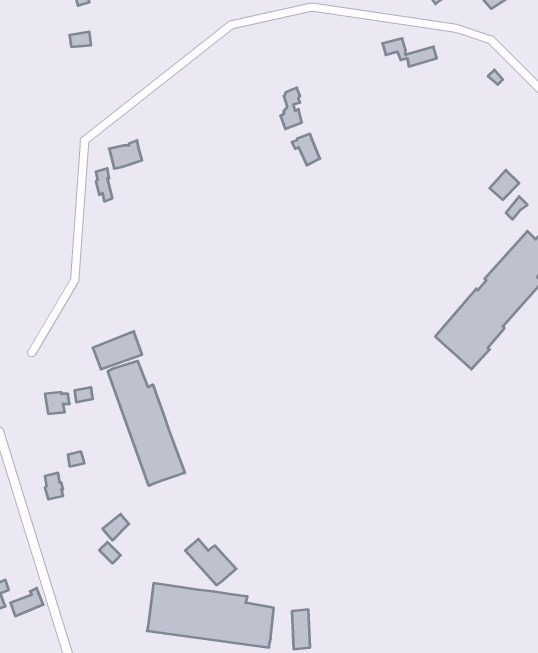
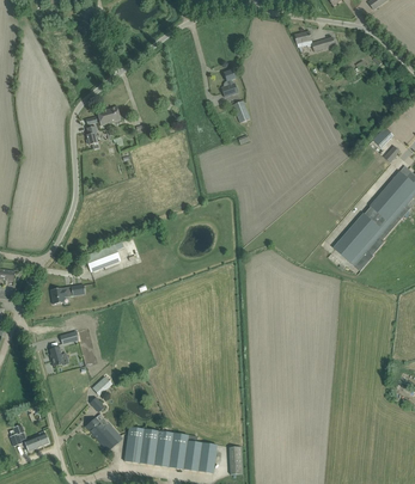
building: [108,361,185,486] -> none
building: [185,539,236,585] -> [86,417,123,451]

